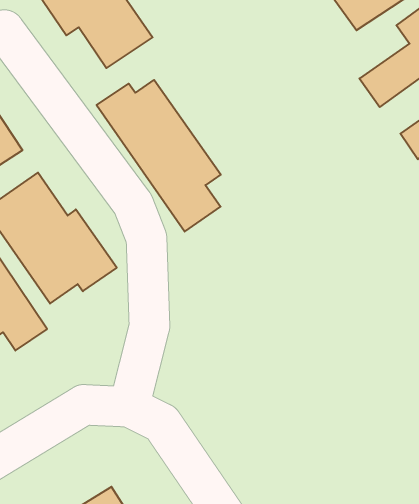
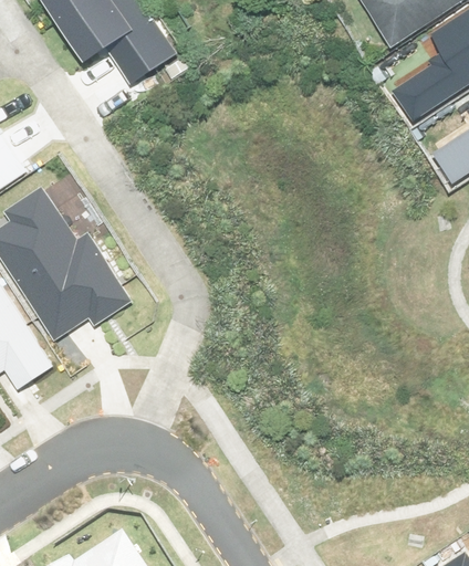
building: [97,80,221,232] -> none

